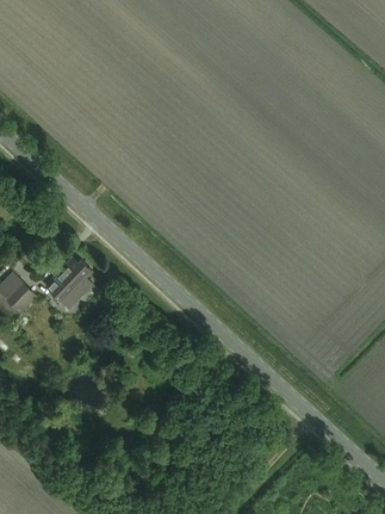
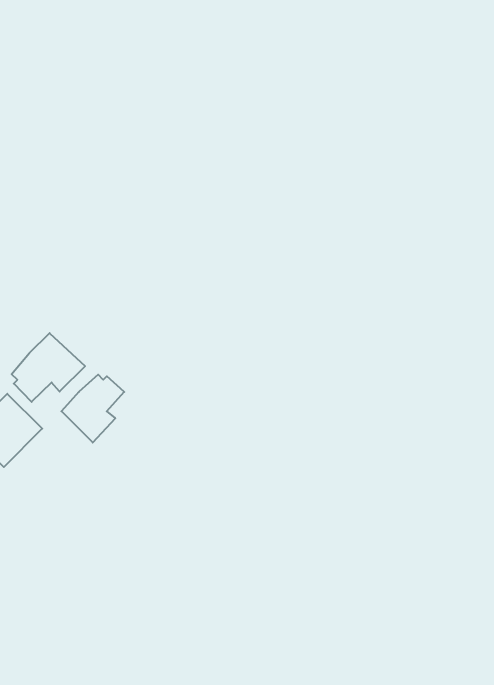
building: none -> [12,333,85,402]

